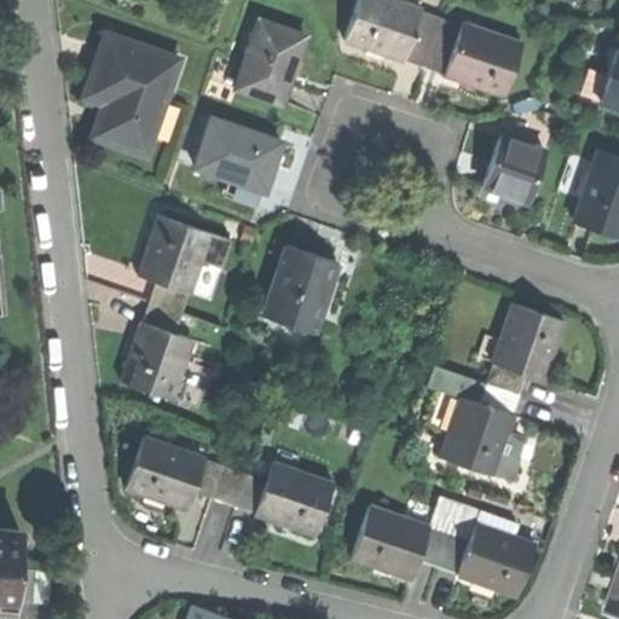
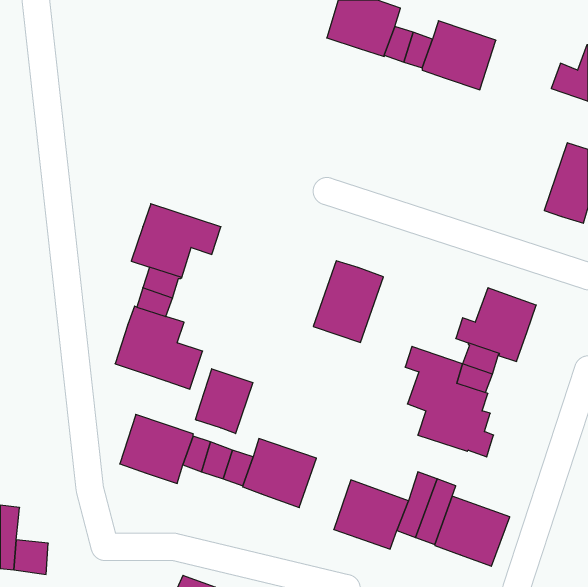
building: [235,21,305,105] -> none
building: [85,36,177,155] -> none
building: [195,120,280,191] -> none
building: [481,137,545,201] -> none
building: [262,247,336,332] -> [313,261,383,342]
building: none -> [196,369,253,434]

